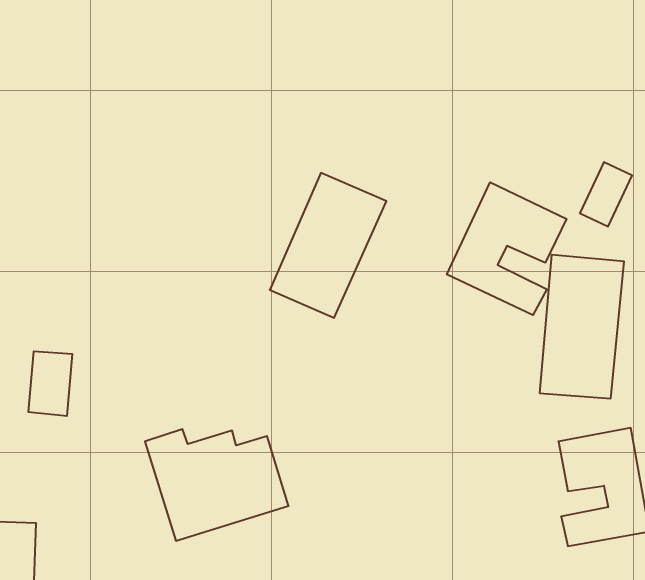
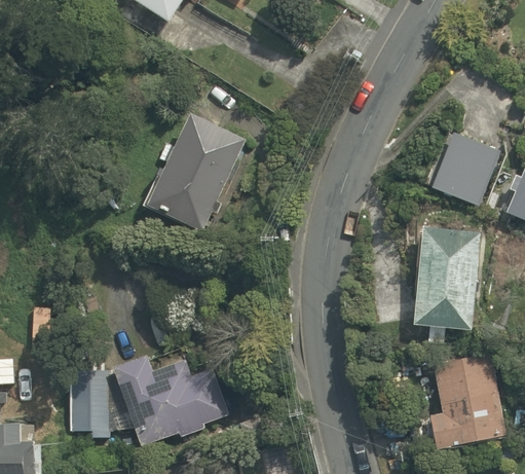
building: [270,173,386,318] -> [151,116,240,227]
building: [447,182,566,315] -> none
building: none -> [64,389,105,430]

